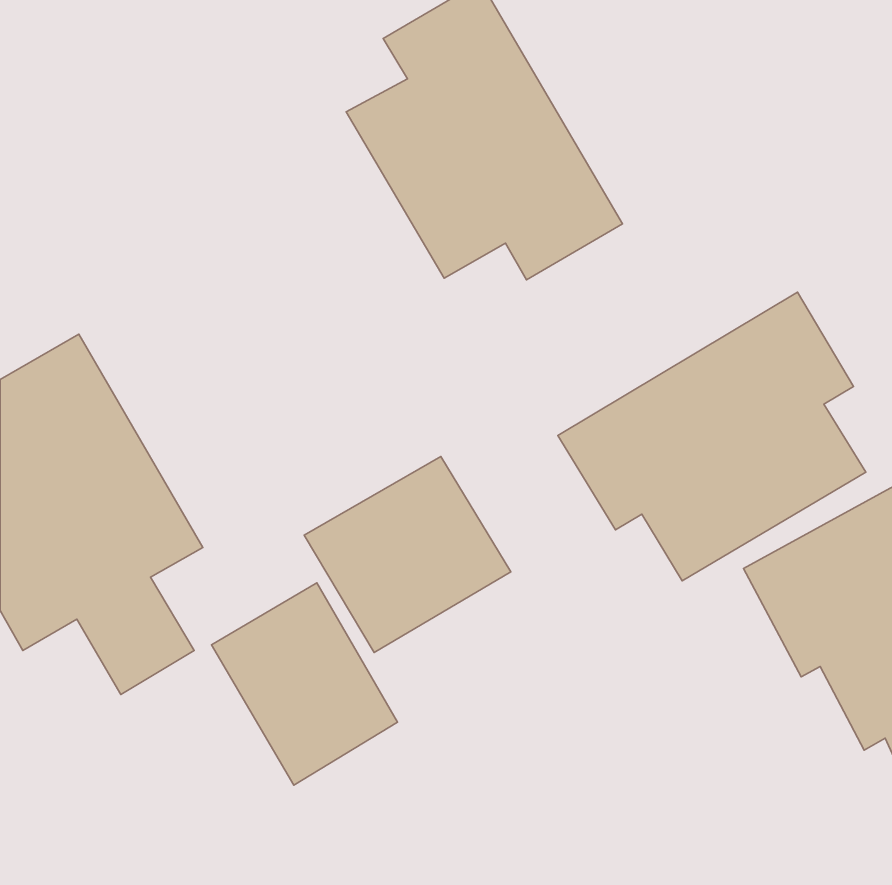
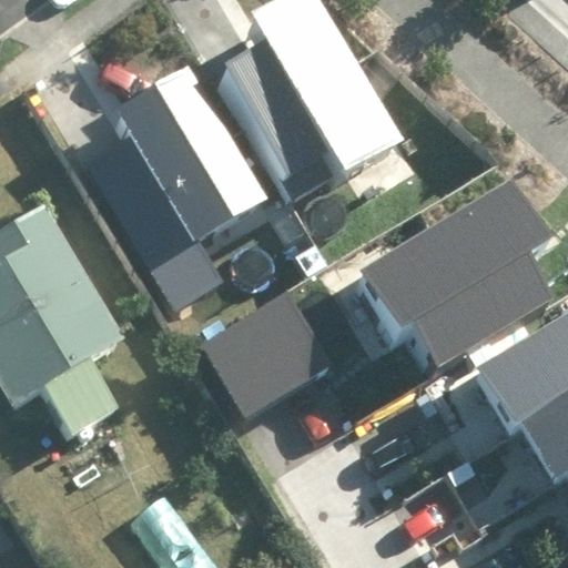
building: none -> [85,68,265,303]
building: [212,583,397,785] -> none

